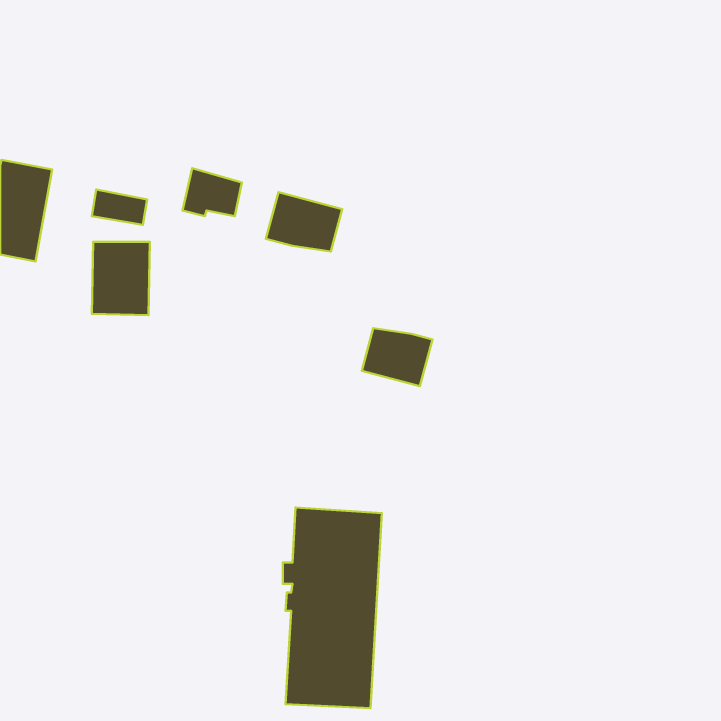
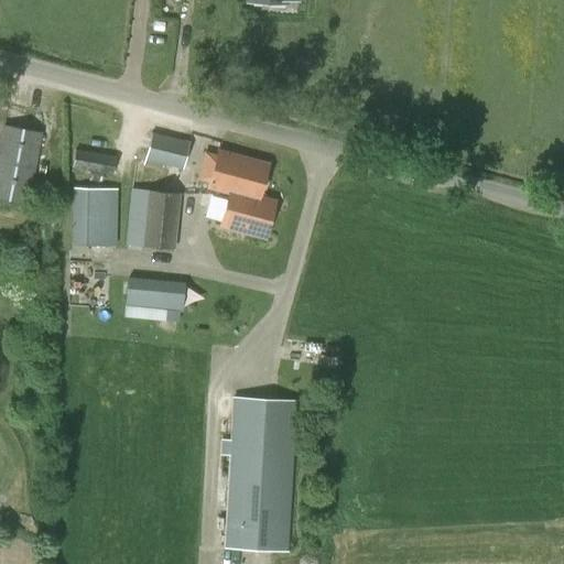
building: none -> [126,188,181,249]
building: [362,328,433,386] -> [220,192,275,237]
building: none -> [126,276,185,321]

